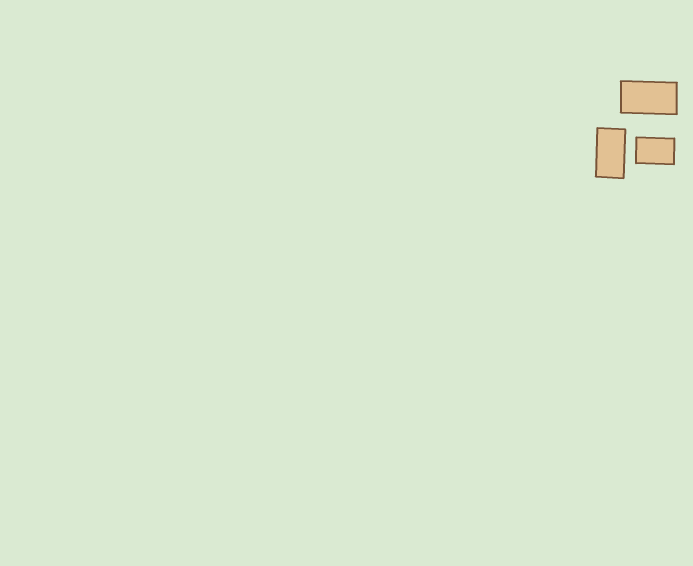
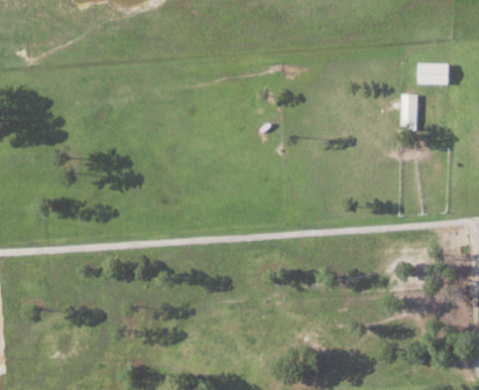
building: [636,137,674,164] -> none

